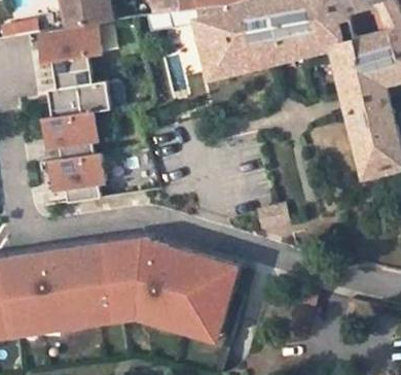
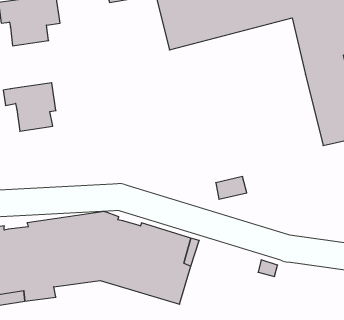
building: [48,69,108,117] -> none
building: [49,154,102,202] -> none
building: [94,309,219,342] -> none

